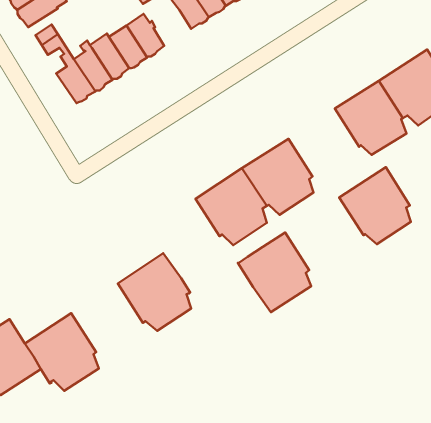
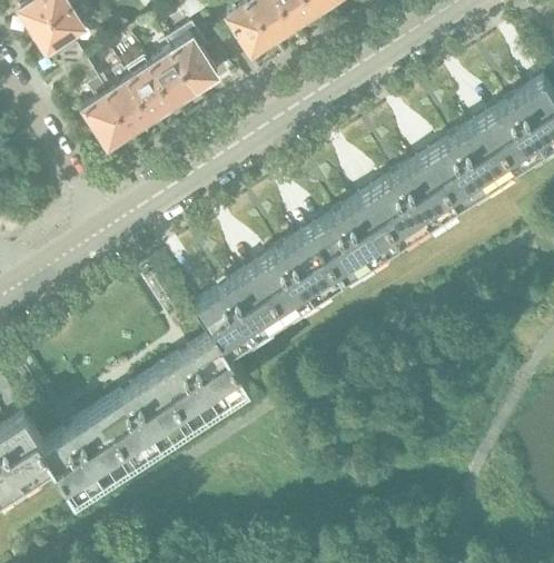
building: [339,167,411,244] -> [368,149,457,245]
building: [238,233,311,312] -> [194,261,285,360]
building: none -> [98,367,189,463]

